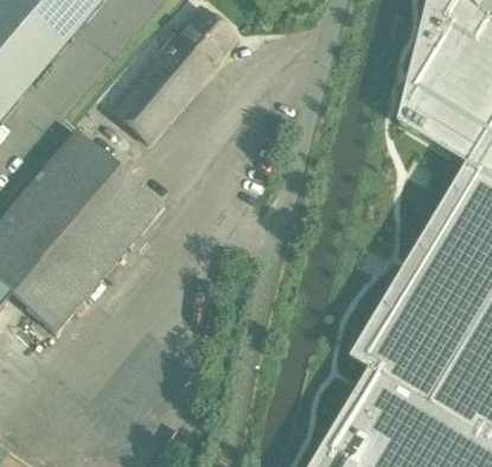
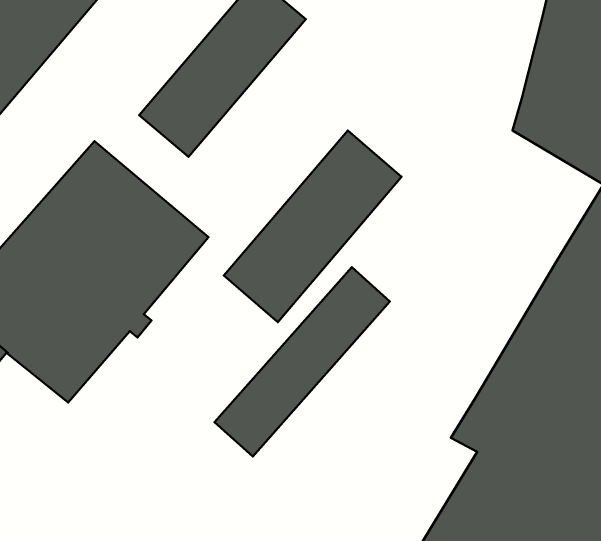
building: none -> [224,130,402,322]
building: none -> [215,267,390,457]

